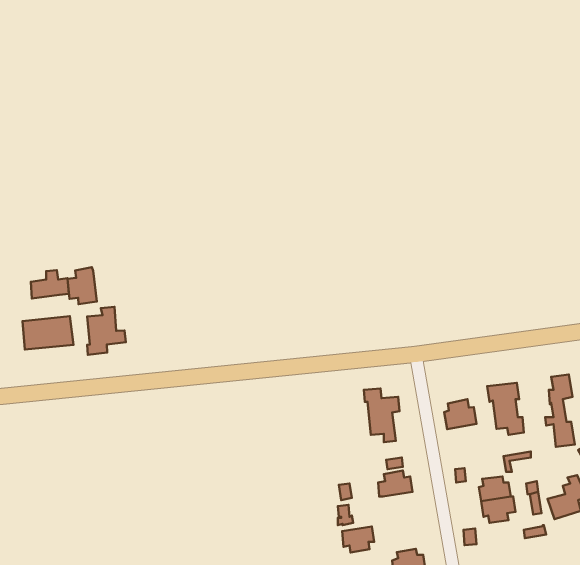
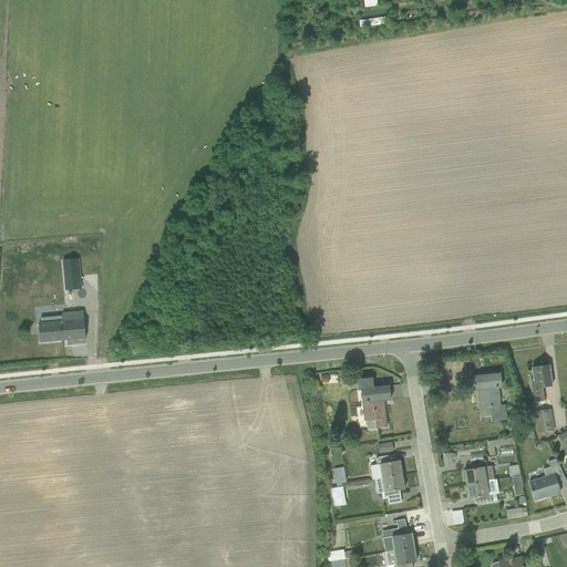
building: [68,267,97,304] -> none
building: [87,307,126,355] -> none
building: [444,399,477,429] -> none
building: [342,527,374,553] -> [375,474,405,498]

